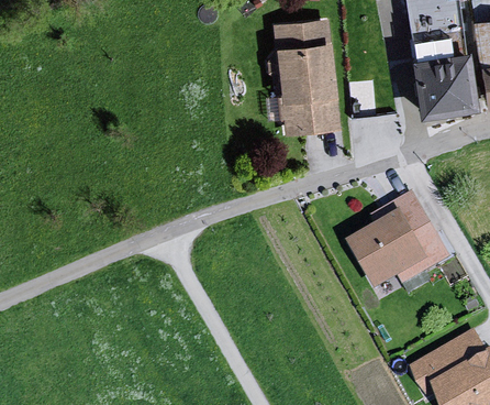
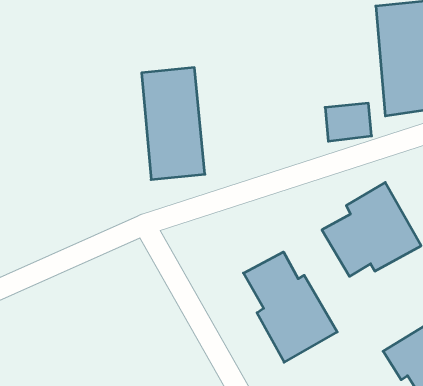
building: [274,17,339,133] -> [142,68,205,180]
building: none -> [243,252,337,362]

